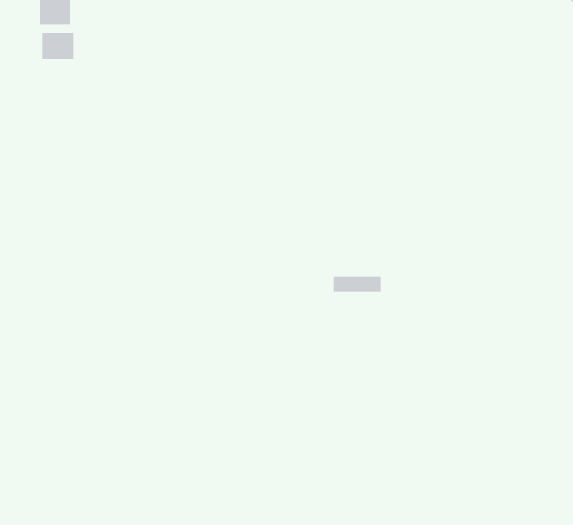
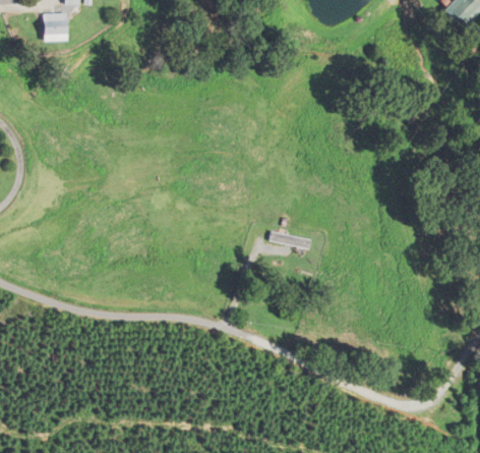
building: [42,32,74,60] -> none

